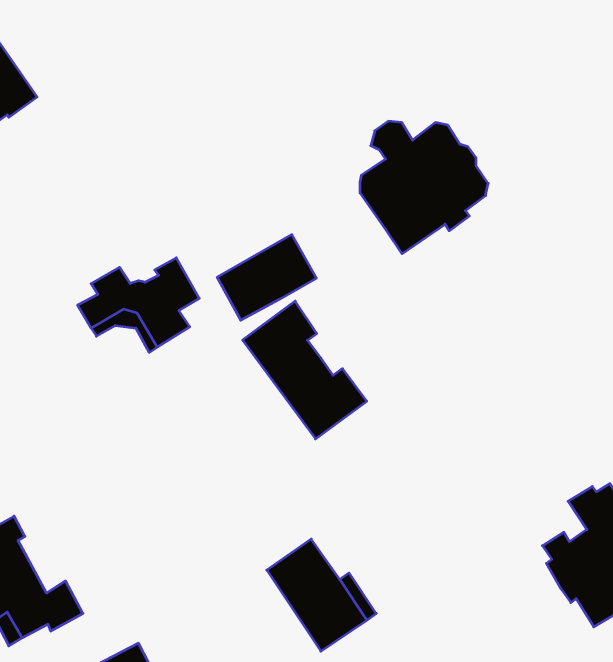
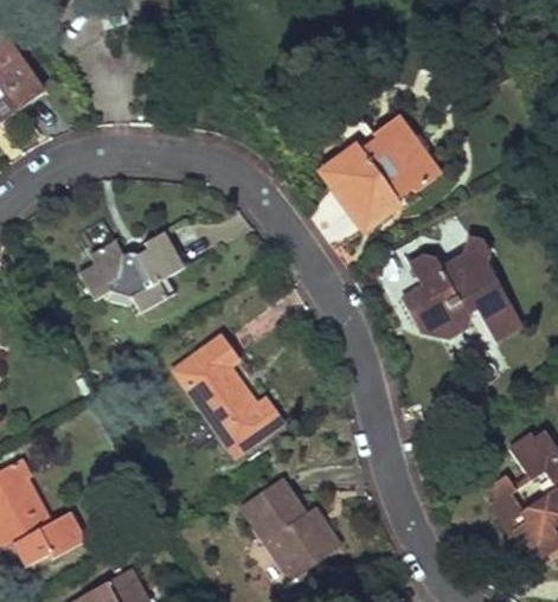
building: [217,235,316,320] -> none
building: none -> [400,237,520,338]
building: [243,301,367,439] -> [173,335,282,456]

